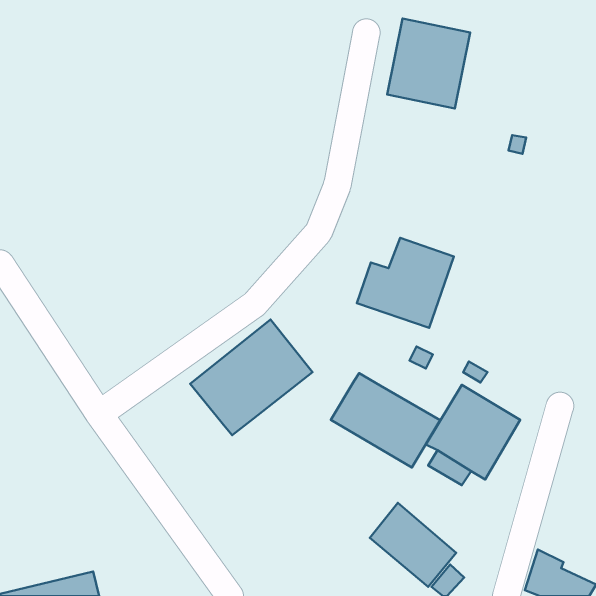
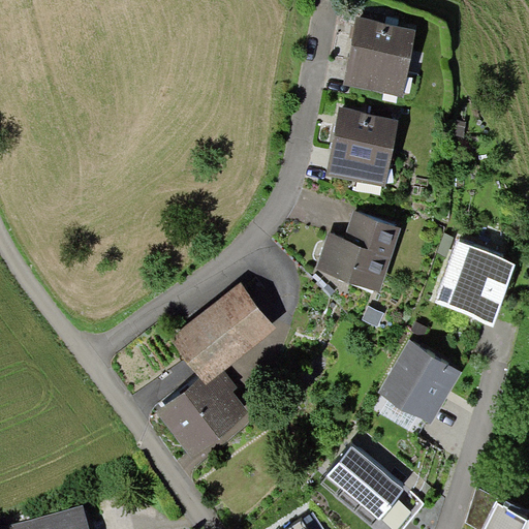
building: none -> [326,106,399,185]
building: none -> [434,240,516,323]
building: [331,373,440,468] -> none
building: none -> [155,371,251,461]

